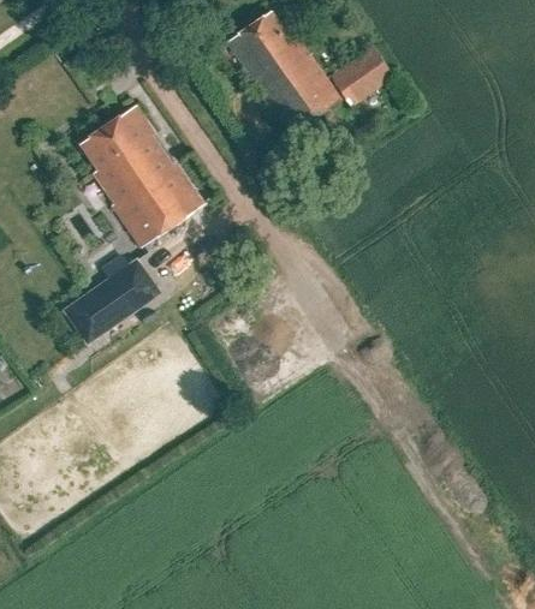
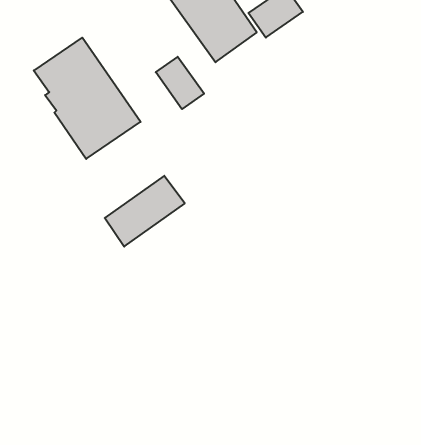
building: none -> [156,57,204,109]
building: [65,259,159,342] -> [105,176,185,247]

